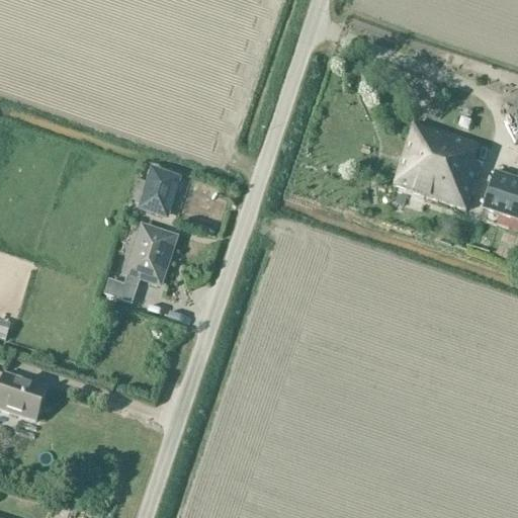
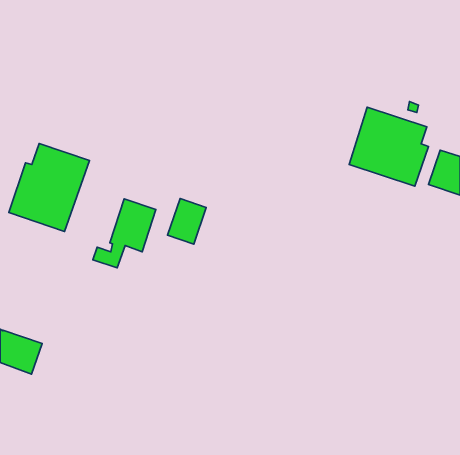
building: none -> [9,144,90,231]
building: [138,166,181,218] -> [168,198,206,244]

